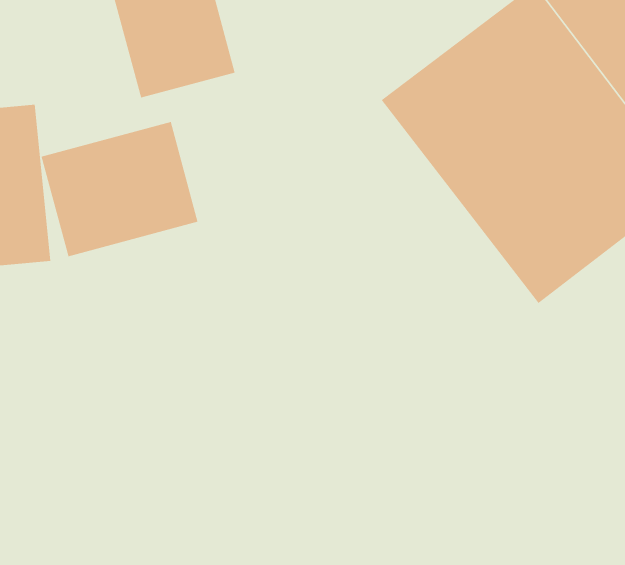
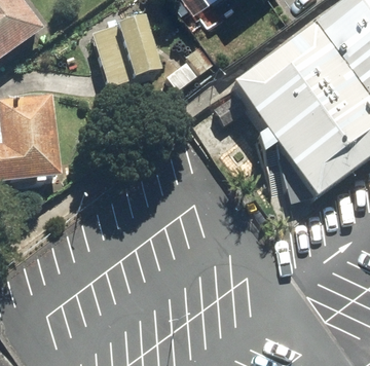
building: [41,121,198,257] -> none

